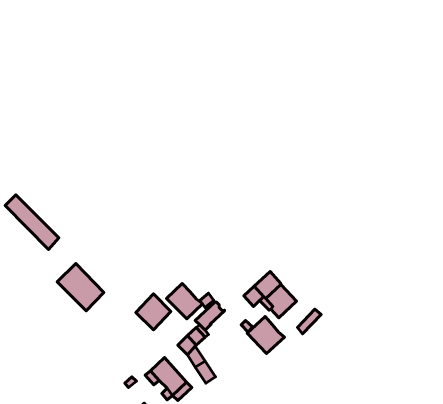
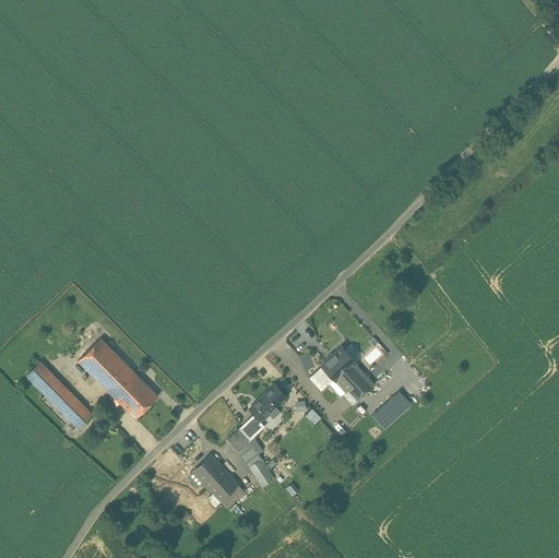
building: [5,195,59,249] -> [27,361,94,429]
building: [167,284,202,319] -> none
building: [136,294,171,330] -> [115,373,158,418]
building: [247,317,284,354] -> none

